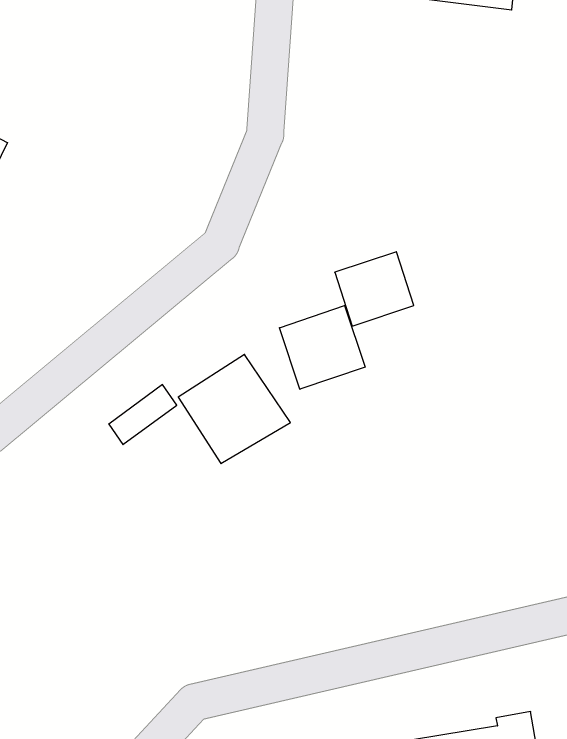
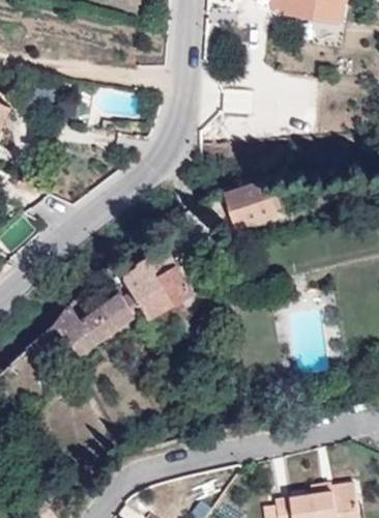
building: [279,306,365,389] -> none
building: none -> [25,294,135,368]

